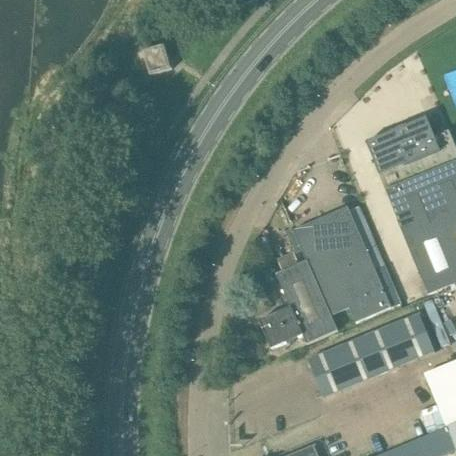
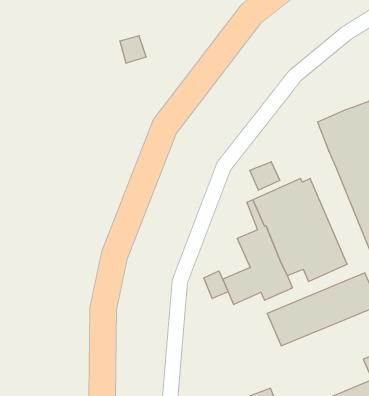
building: none -> [250,162,280,190]
building: none -> [204,271,228,299]

